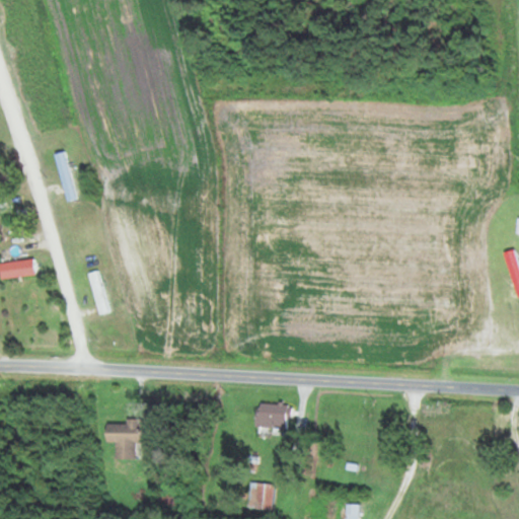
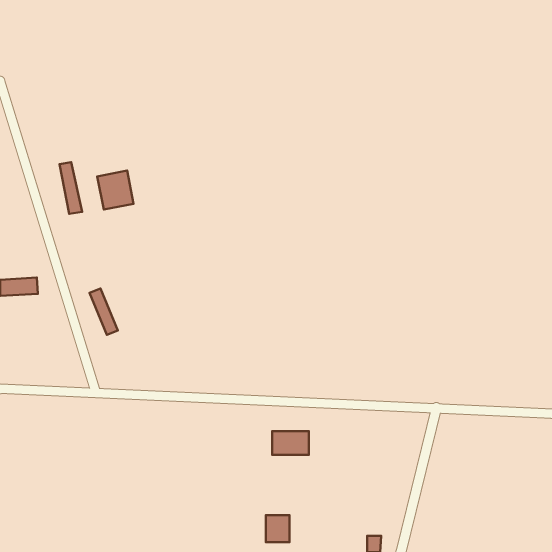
building: none -> [97,171,134,210]
building: [104,420,141,460] -> none

